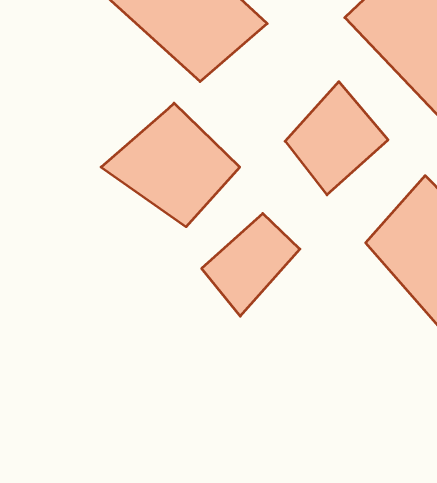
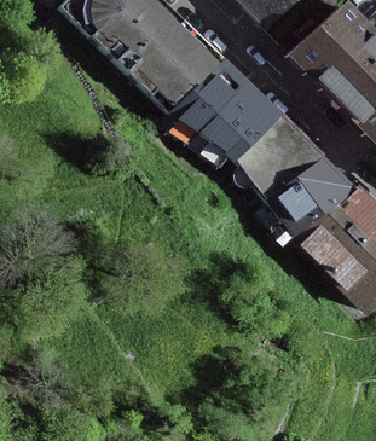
building: [101,103,240,227] -> [173,60,285,161]
building: [202,213,300,316] -> [276,159,355,243]

